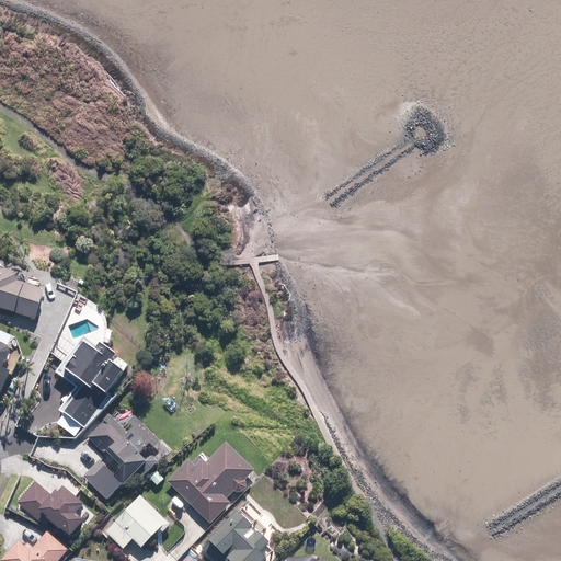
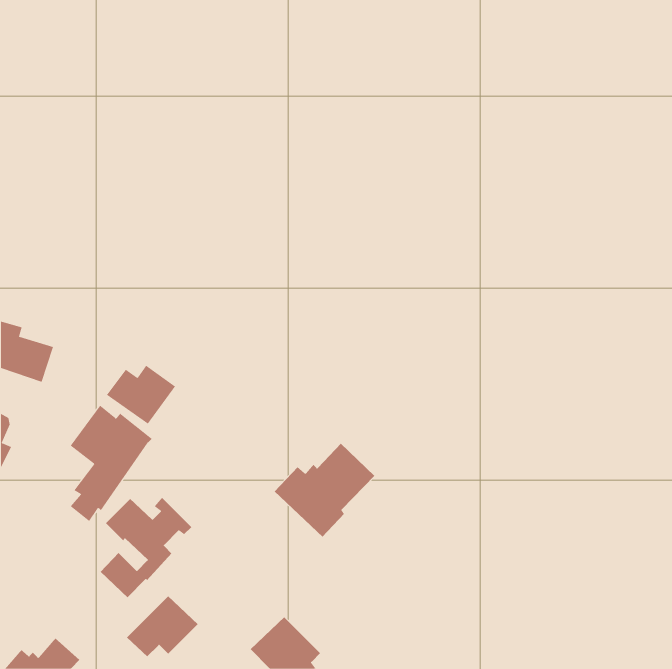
building: none -> [106,365,176,425]
building: [169,442,253,520] -> [274,443,375,537]
building: [18,482,82,536] -> none

